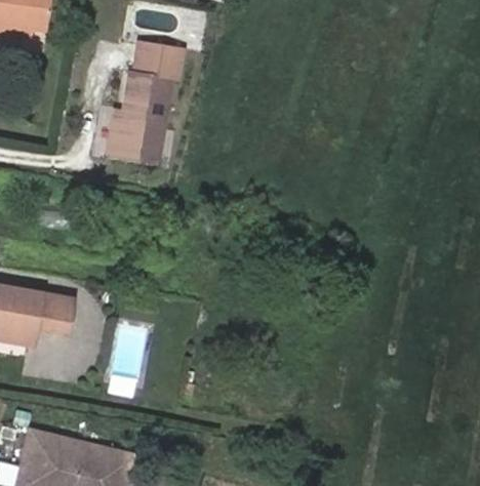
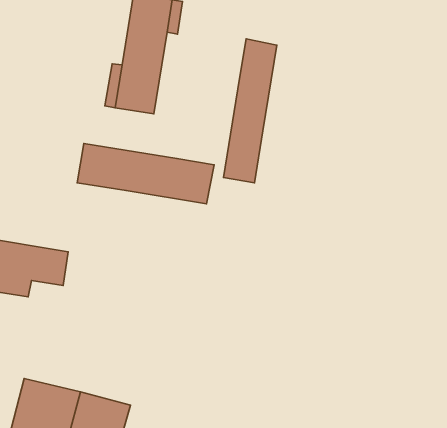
building: none -> [223,39,277,183]
building: none -> [77,143,214,204]

